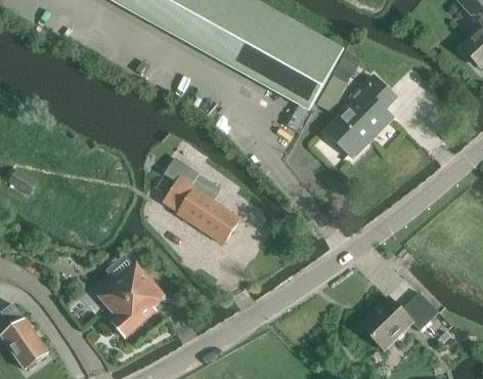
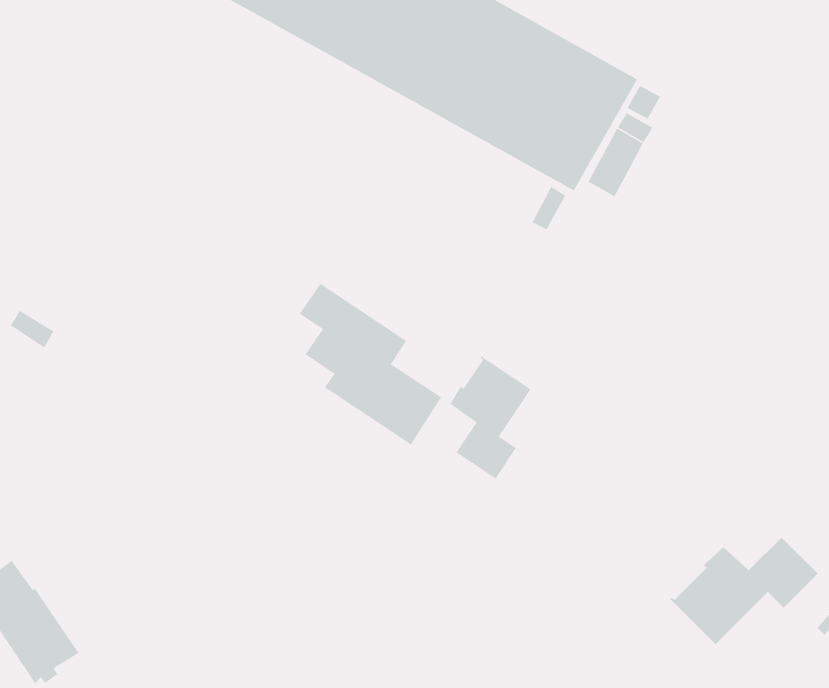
building: [325,74,395,155] -> none
building: none -> [449,355,531,479]
building: [98,261,165,336] -> none

